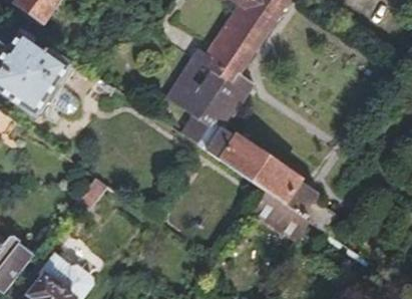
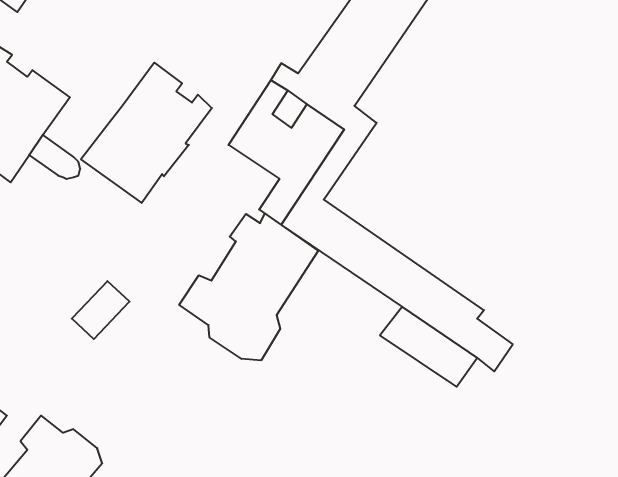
building: none -> [81,63,212,203]
building: none -> [179,214,318,360]

